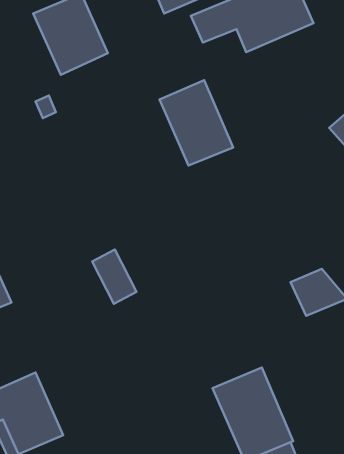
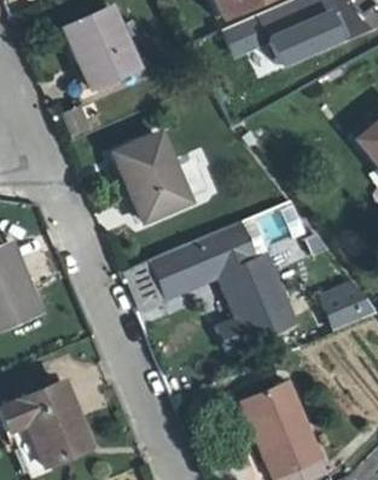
building: [160,80,233,166] -> [118,135,192,221]
building: none -> [156,225,296,349]

